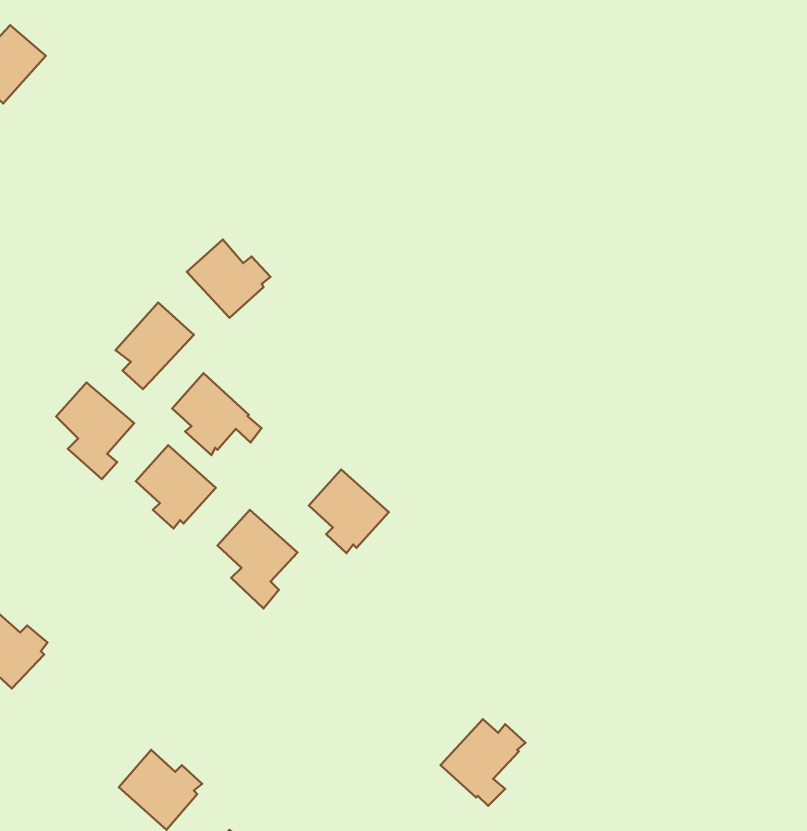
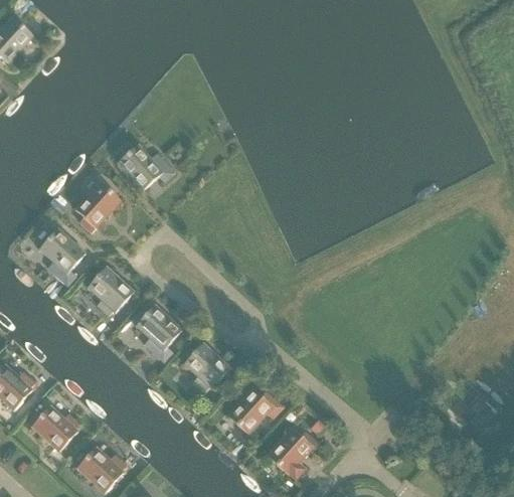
building: [172,373,262,455] -> none
building: [309,470,389,553] -> [184,342,231,391]
building: none -> [228,387,283,435]
building: none -> [32,404,81,451]

